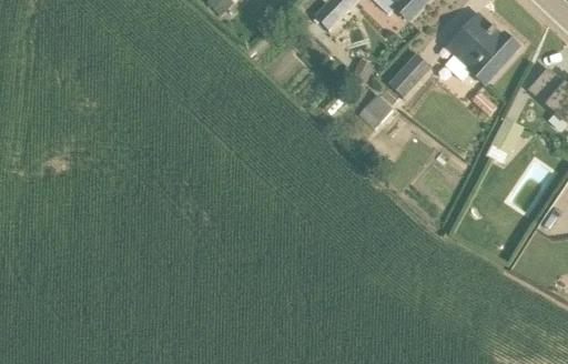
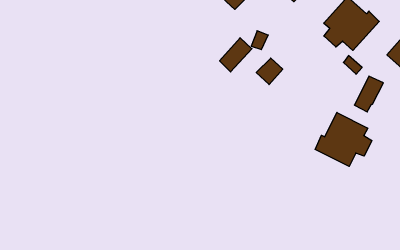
building: [389,52,432,97] -> [220,38,252,72]
building: none -> [315,112,372,166]

